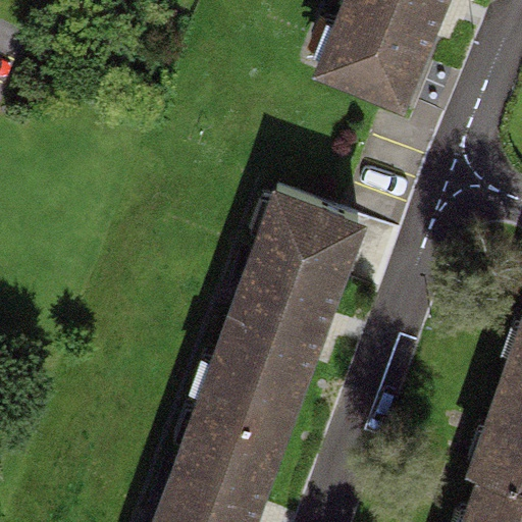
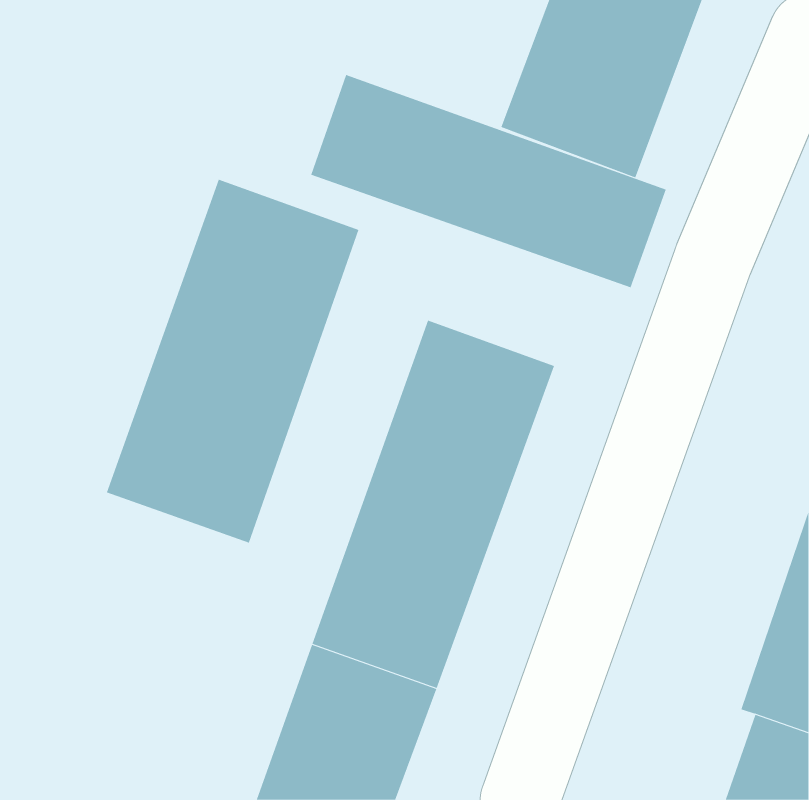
building: none -> [310,74,667,288]
building: none -> [106,179,359,543]

